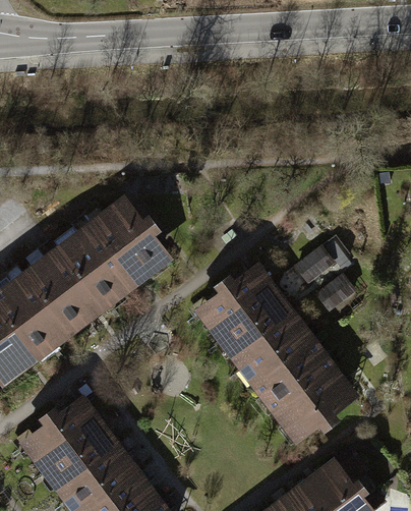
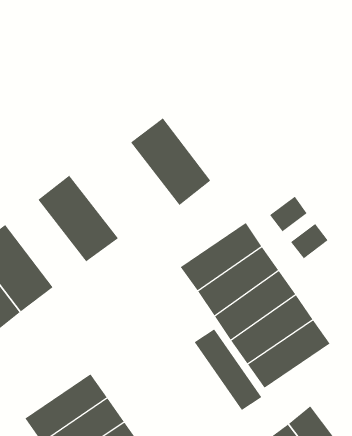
building: [87,197,170,287] -> [130,117,211,206]
building: [22,248,104,337] -> none
building: none -> [194,328,262,411]
building: [25,399,109,470] -> none

